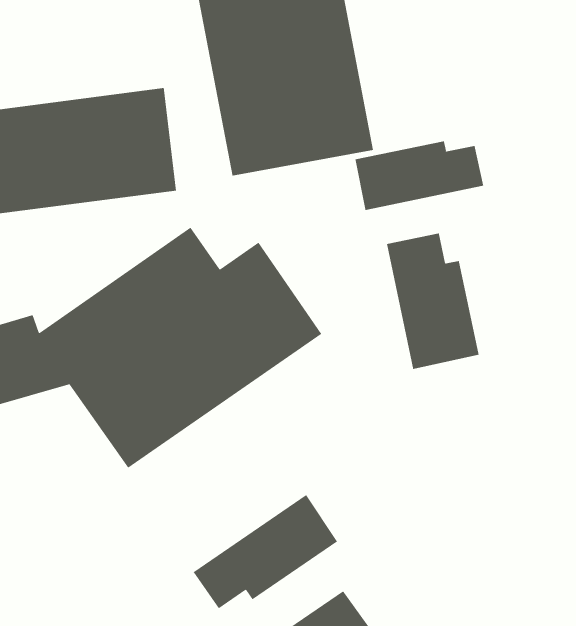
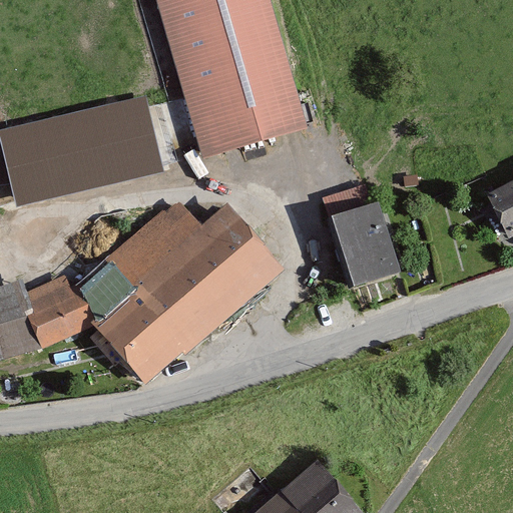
building: [355,140,484,211] -> none
building: [193,494,338,609] -> none

